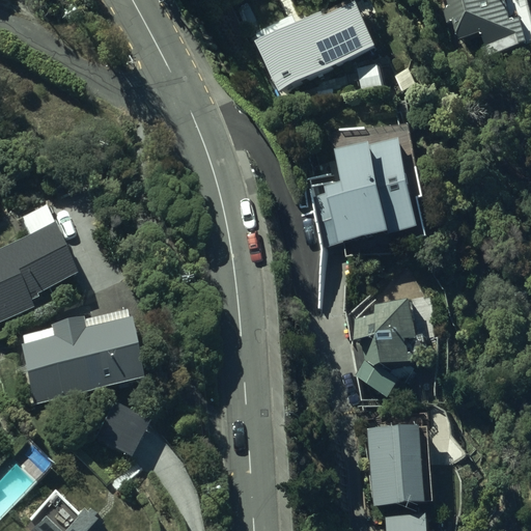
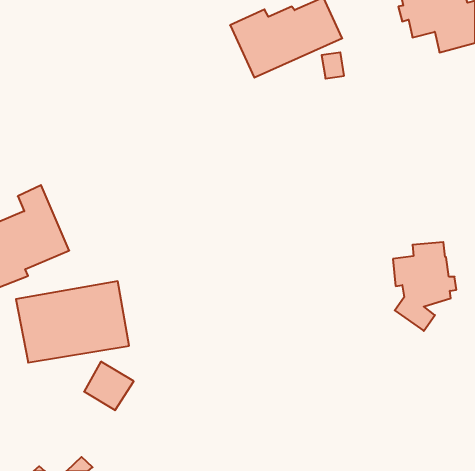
building: [313,135,418,241] -> none
building: [353,299,423,397] -> [393,242,456,331]
building: [370,428,426,507] -> none

